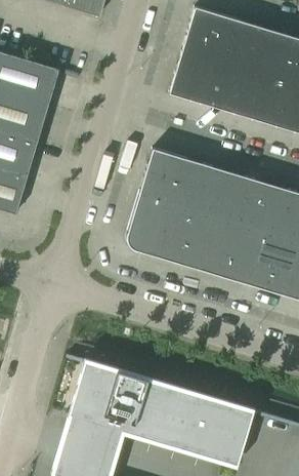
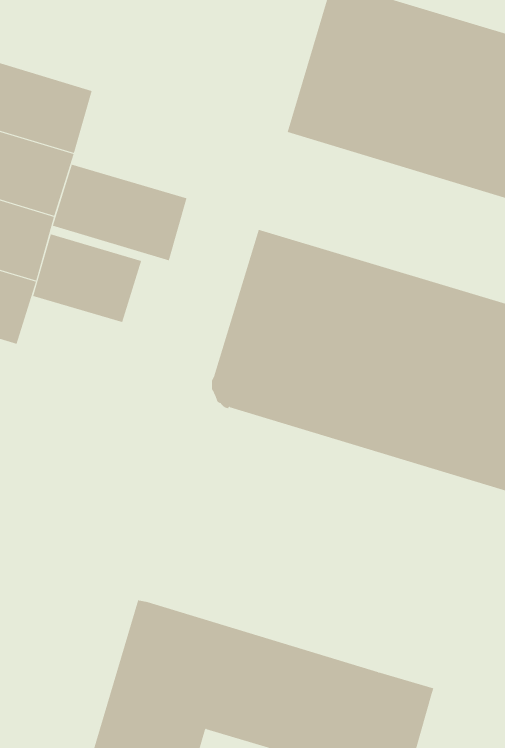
building: none -> [52,164,187,261]
building: none -> [32,233,142,323]

